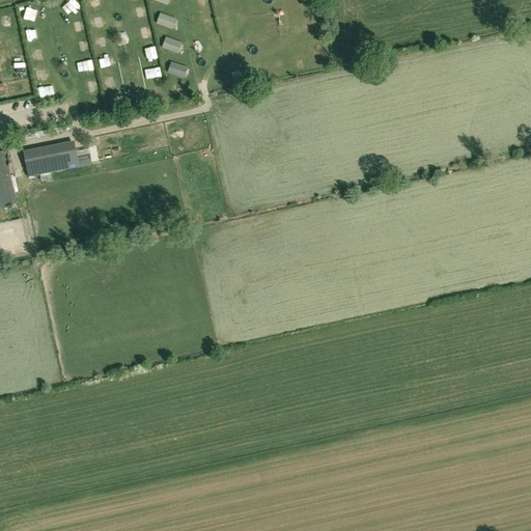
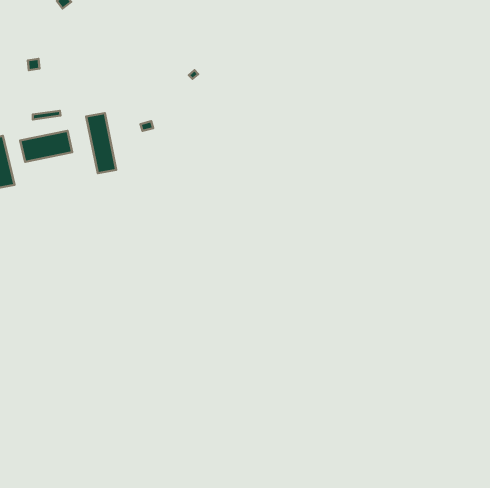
building: none -> [86,113,116,173]

